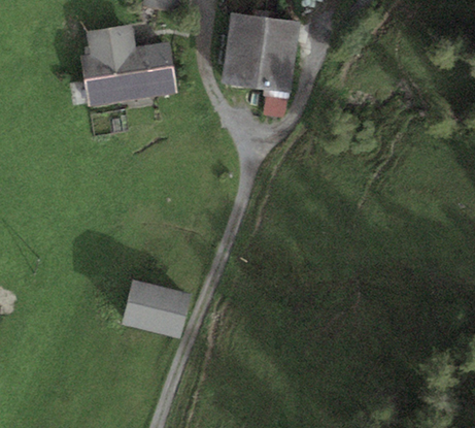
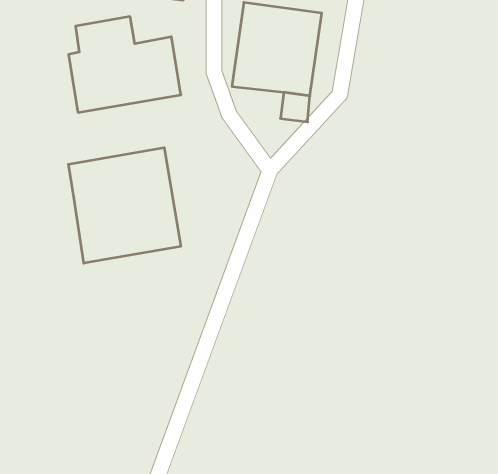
building: none -> [68,148,181,263]
building: [122,278,190,337] -> none

